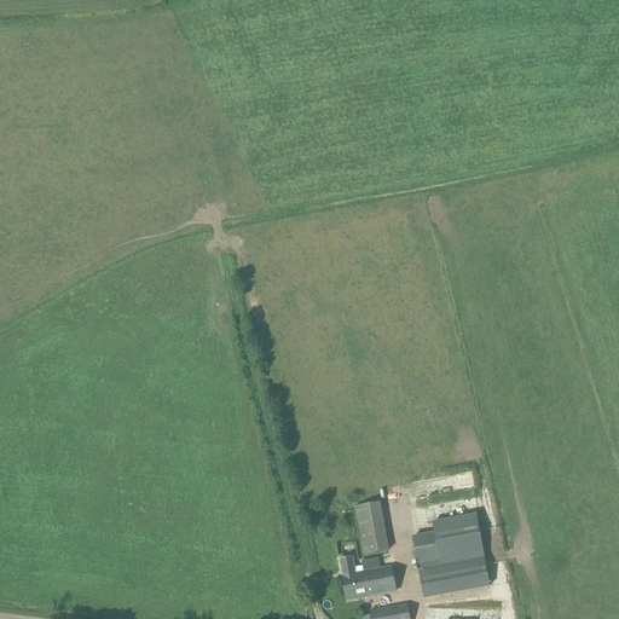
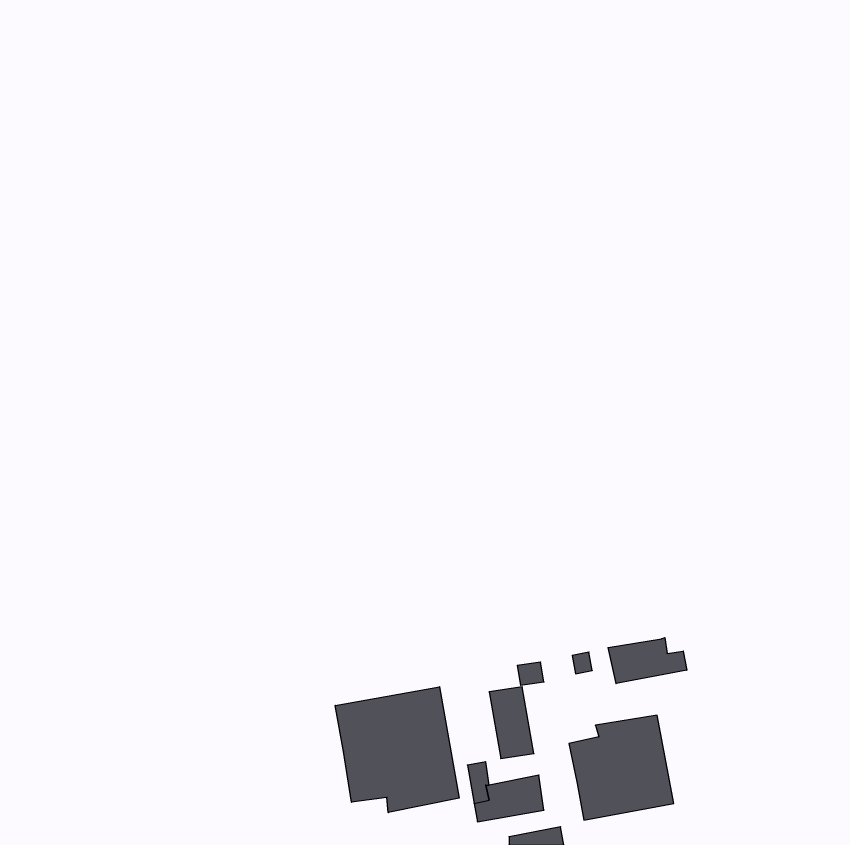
building: none -> [608,638,687,684]
building: none -> [335,687,459,813]

